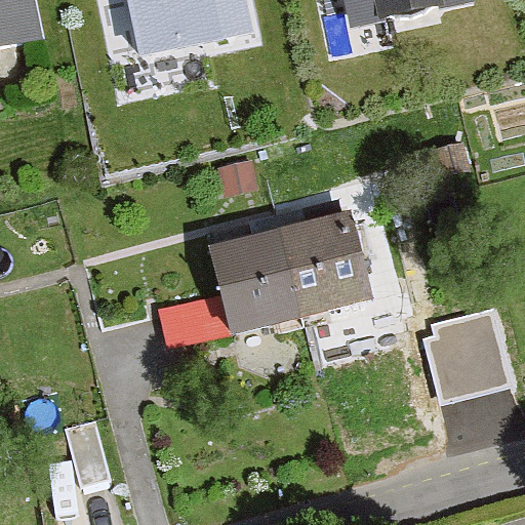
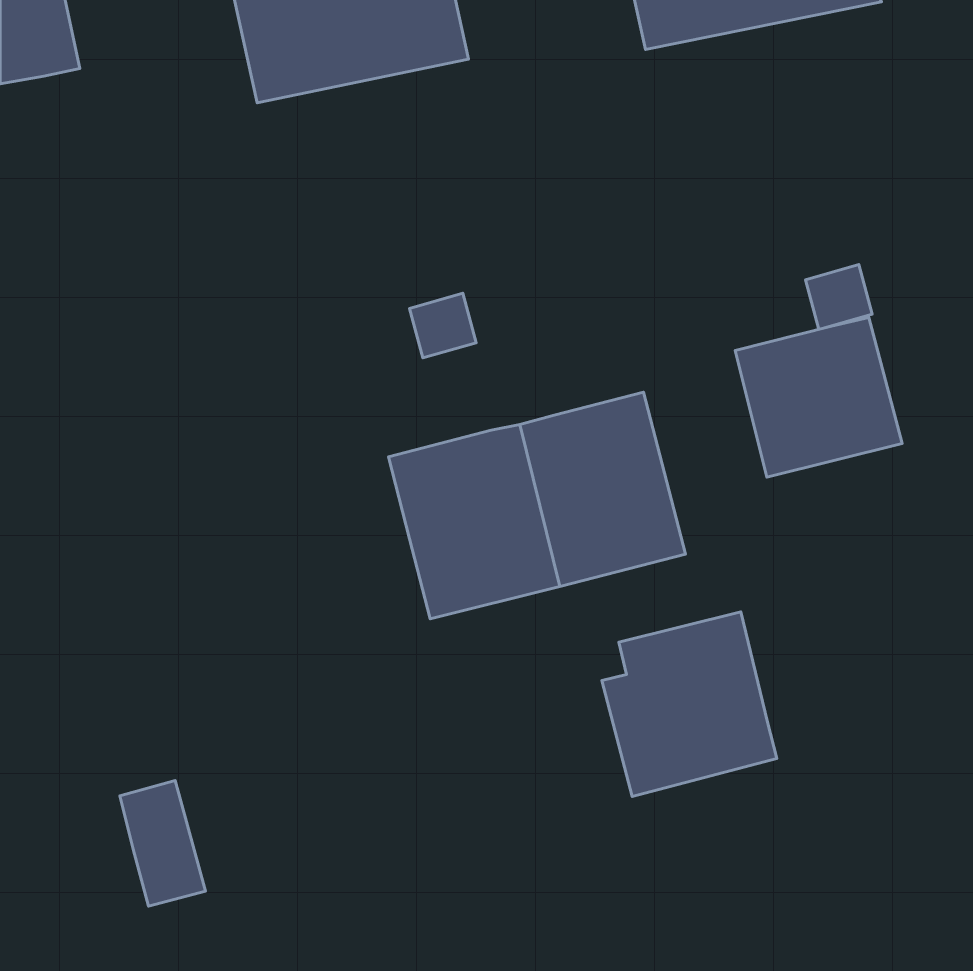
building: none -> [735,317,902,477]
building: [423,307,518,406] -> [602,612,777,796]

